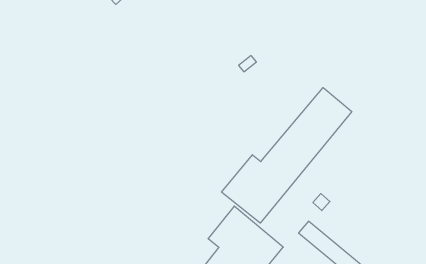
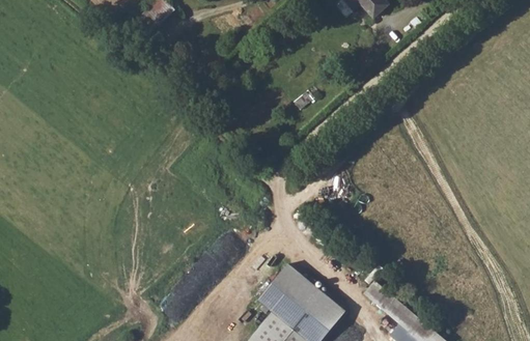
building: [221,88,352,223] -> none

